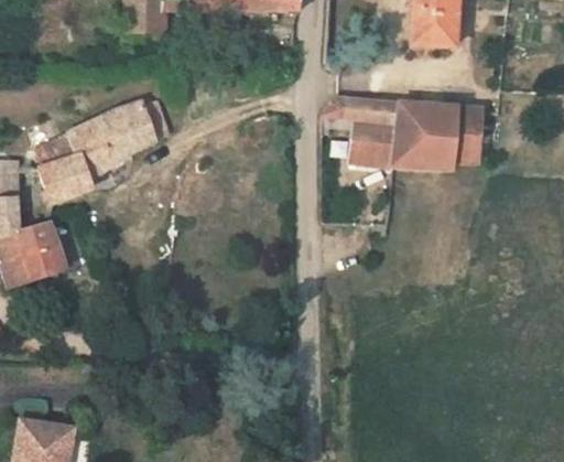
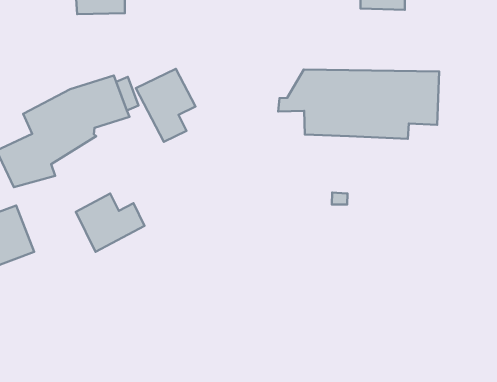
building: none -> [136,69,196,142]
building: none -> [76,193,145,252]

